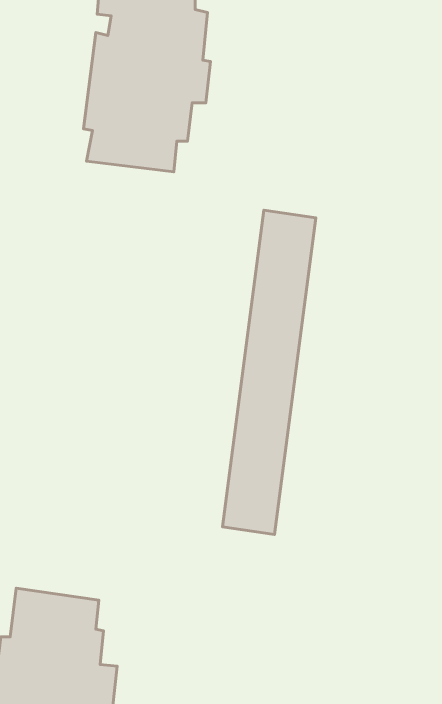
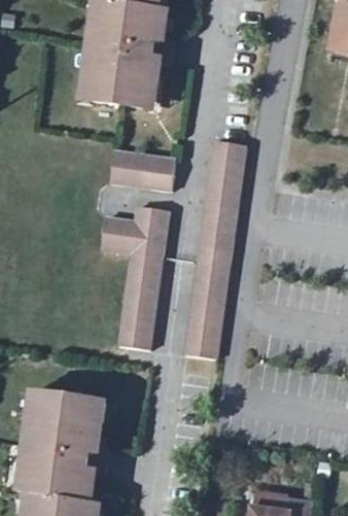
building: none -> [102,149,171,190]
building: none -> [95,206,163,352]

